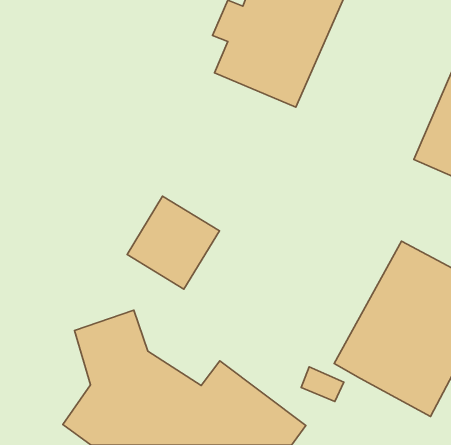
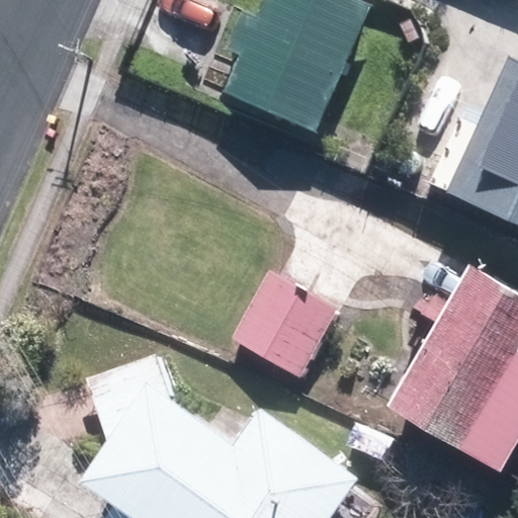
building: [127,196,219,289] -> [231,270,336,376]

